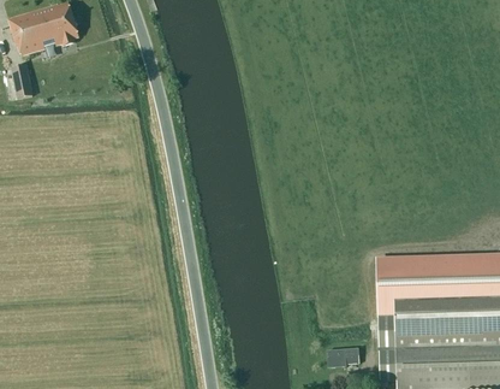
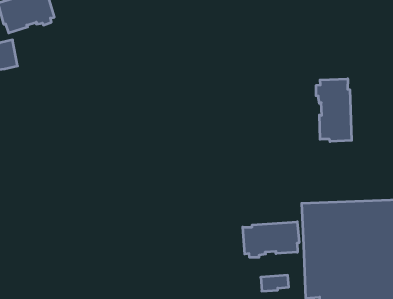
building: none -> [316,79,352,142]
building: none -> [243,222,299,257]

